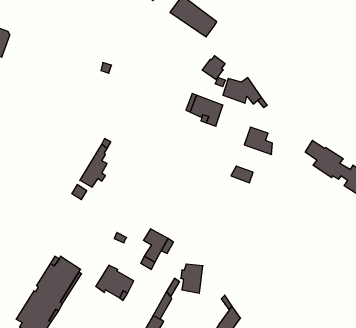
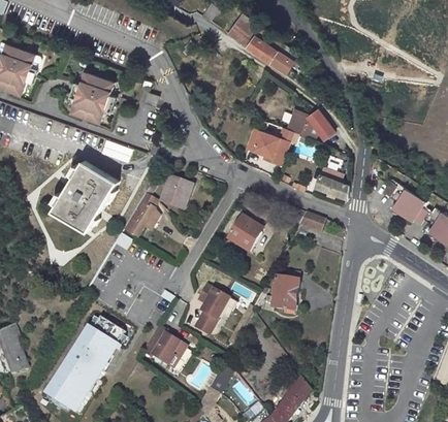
building: none -> [68,72,114,122]
building: [202,56,225,80] -> [269,45,296,73]
building: none -> [54,161,118,231]
building: none -> [162,176,193,209]
building: none -> [228,216,260,252]
building: [181,264,203,293] -> [271,278,297,312]

